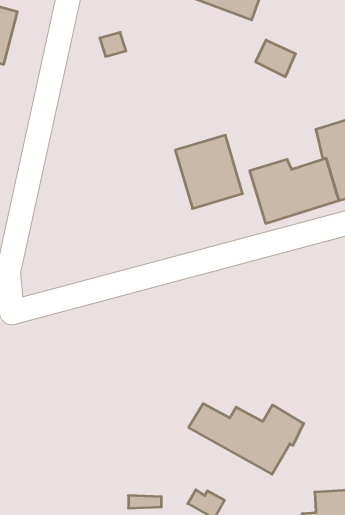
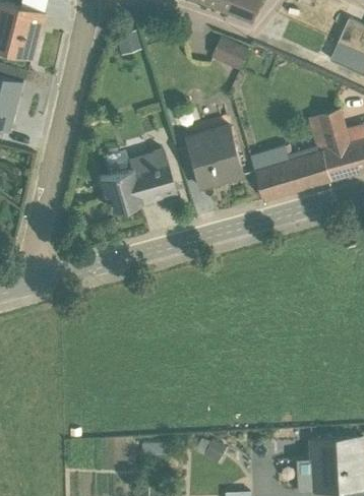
building: [256,40,296,77] -> [214,38,249,70]
building: none -> [99,148,175,210]
building: [189,404,304,474] -> none

